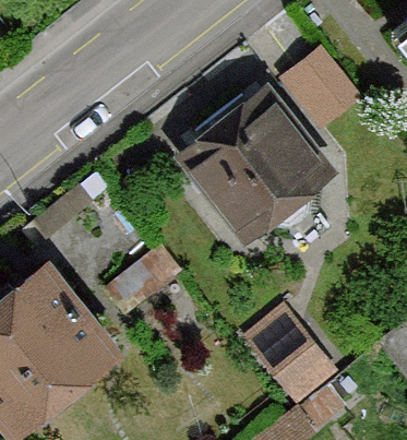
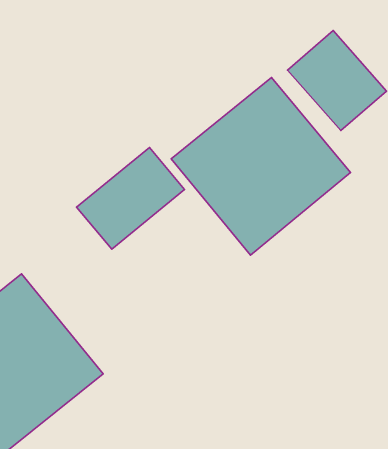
building: none -> [77,147,184,249]
building: [243,308,336,405] -> none

